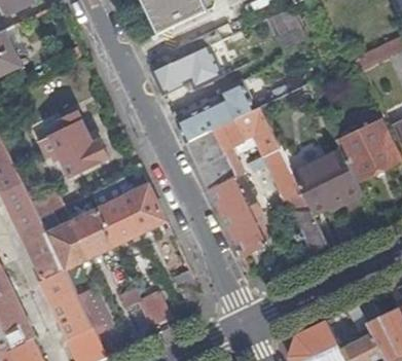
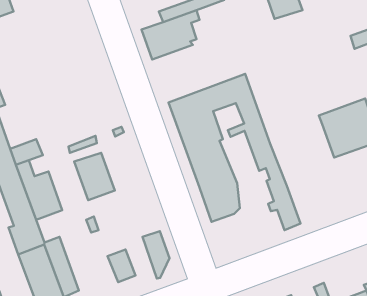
building: [174,80,254,142] -> none
building: [39,114,108,178] -> none
building: [290,148,360,213] -> none
building: [123,186,167,234] -> none
building: [73,210,115,259] -> none

